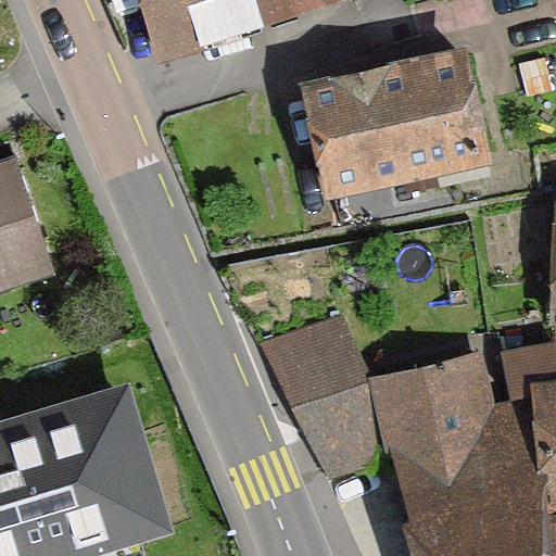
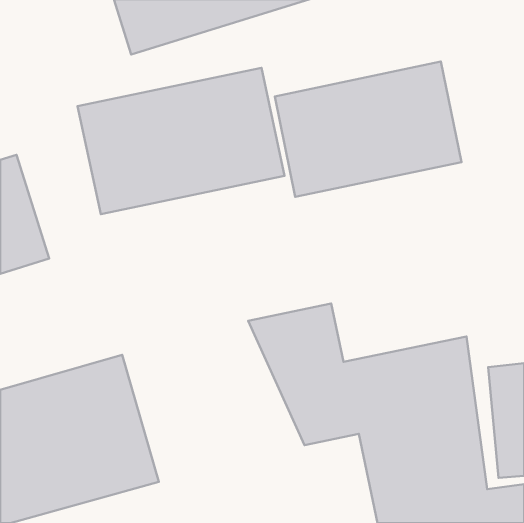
building: none -> [77,68,285,214]

